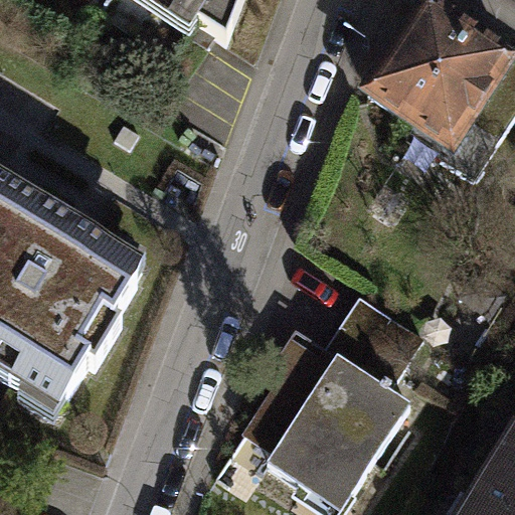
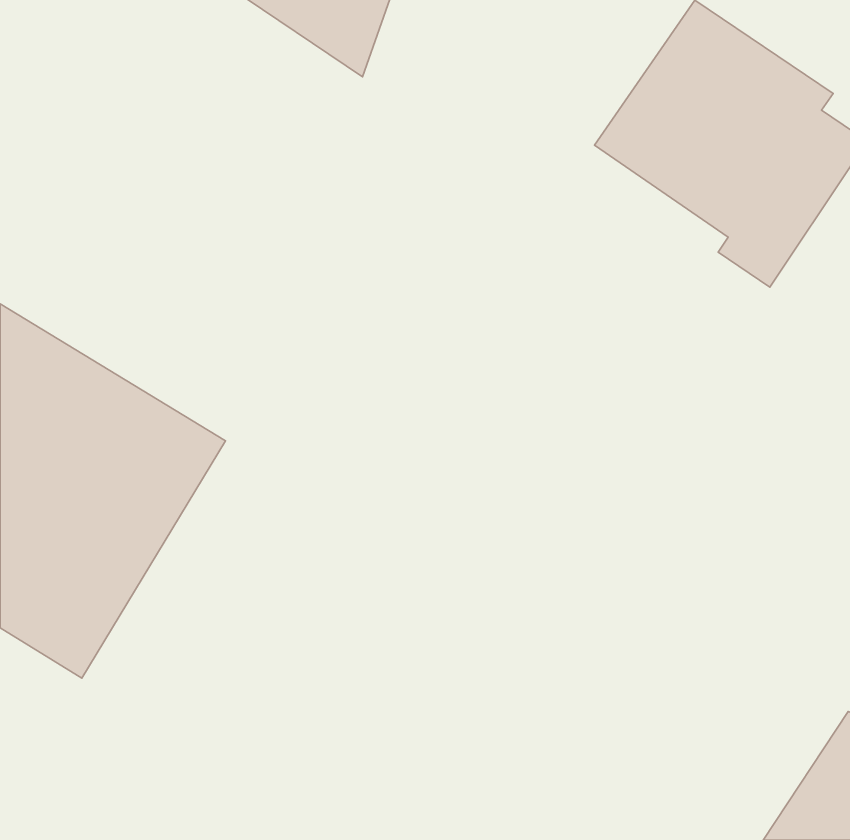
building: [240,301,418,499] -> none

